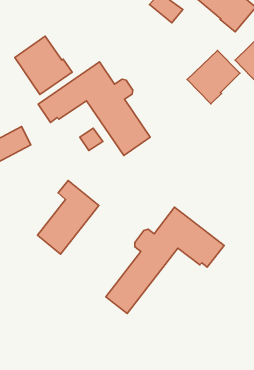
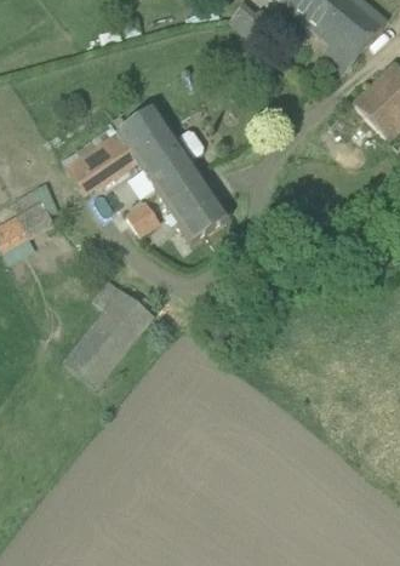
building: [15,36,72,94] -> none
building: [187,51,240,104] -> none
building: [106,207,224,313] -> none

